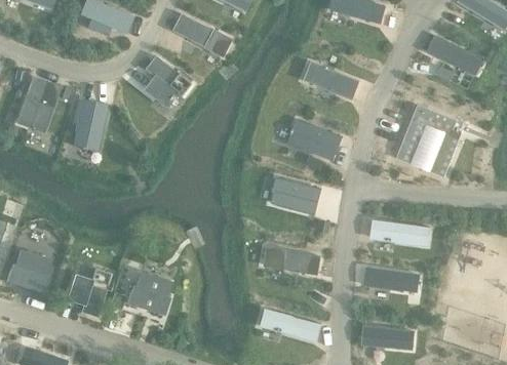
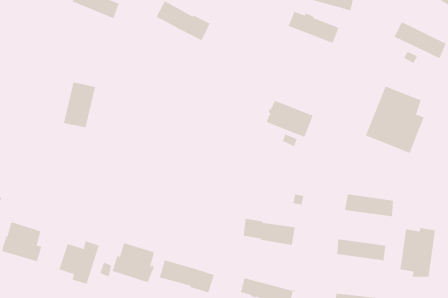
building: [144,54,191,105] -> none
building: [302,64,360,98] -> [285,11,340,44]
building: [16,78,58,132] -> none
building: [271,177,321,213] -> none
building: none -> [400,227,436,278]
building: none -> [159,260,214,293]

